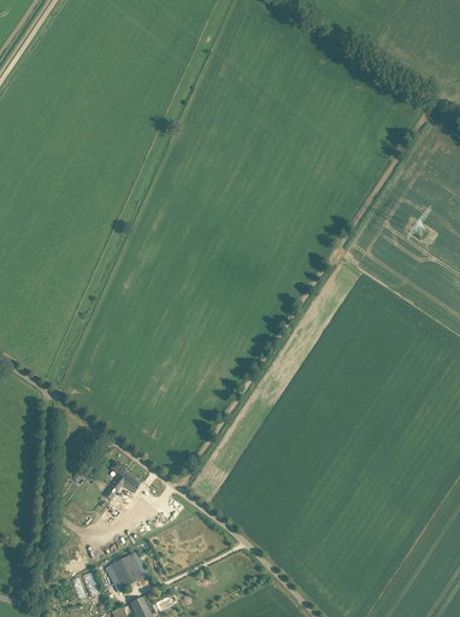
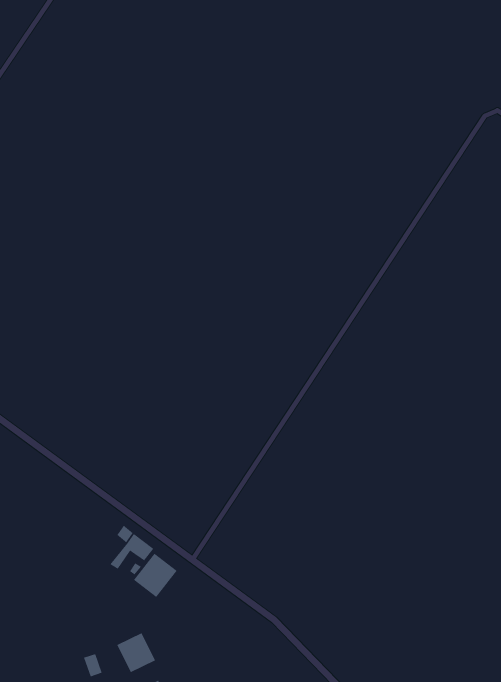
building: none -> [133,553,177,598]

